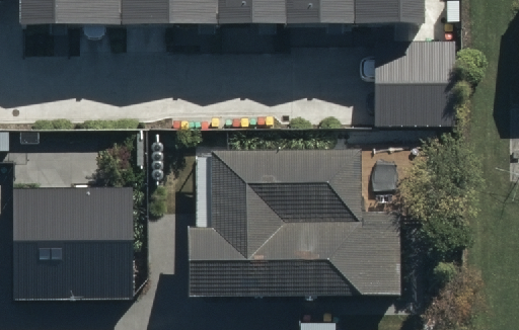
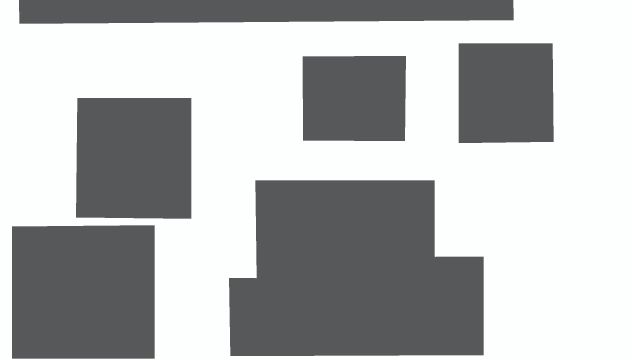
building: none -> [302,55,406,142]
building: none -> [75,97,192,220]

